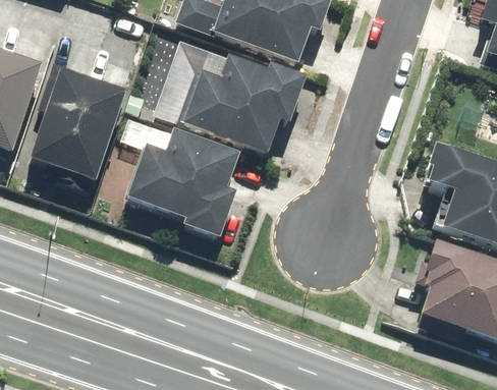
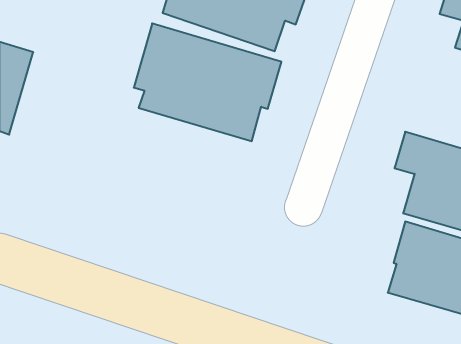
building: [27,67,124,181] -> none
building: [128,133,239,239] -> none

